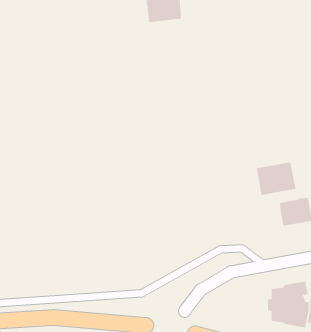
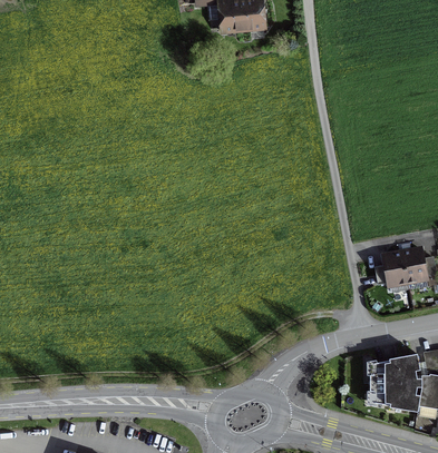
building: [256,162,296,196] -> none

